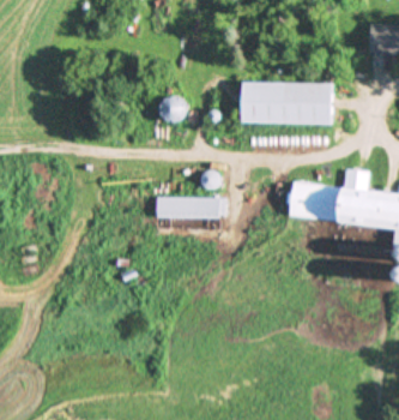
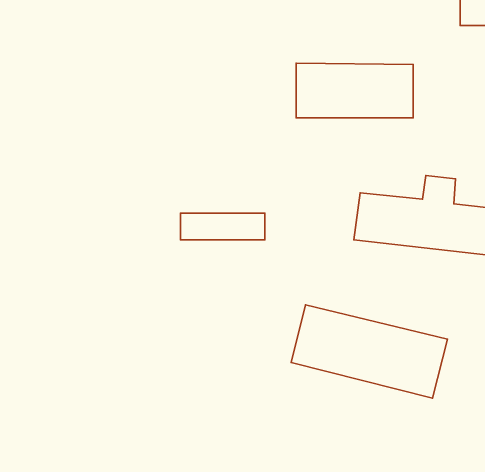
building: [159,96,188,125] -> none
building: none -> [291,305,447,398]

